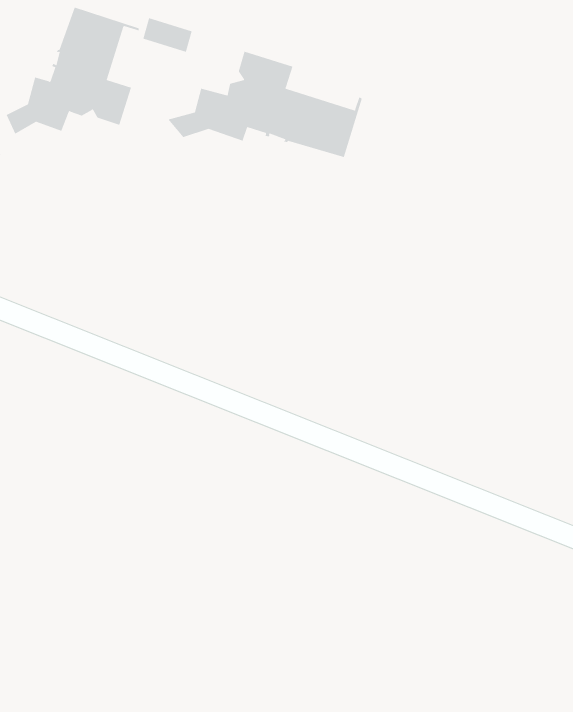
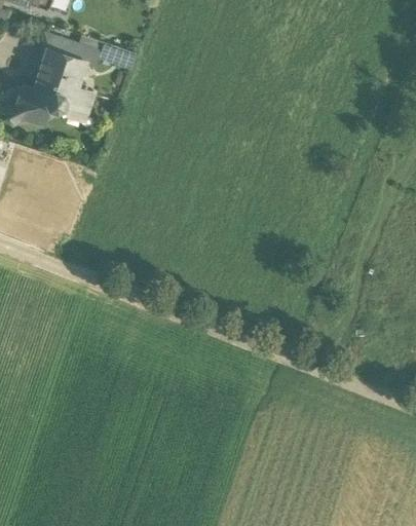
building: [168,51,363,158] -> none

